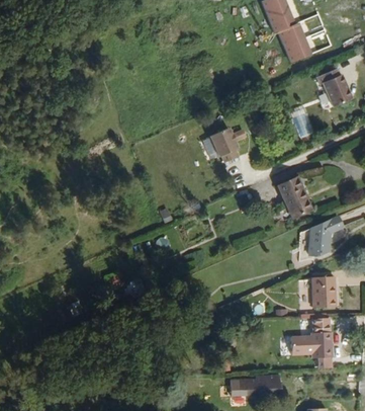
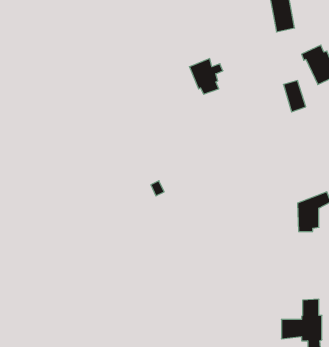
building: [209,129,243,164] -> [189,59,223,94]
building: [274,179,309,218] -> none
building: [310,284,334,313] -> none

